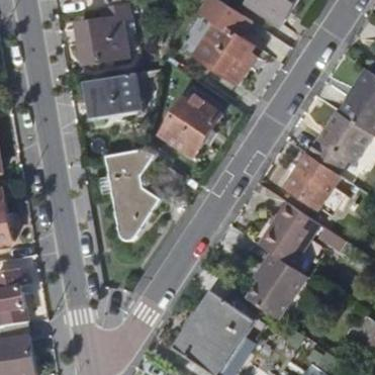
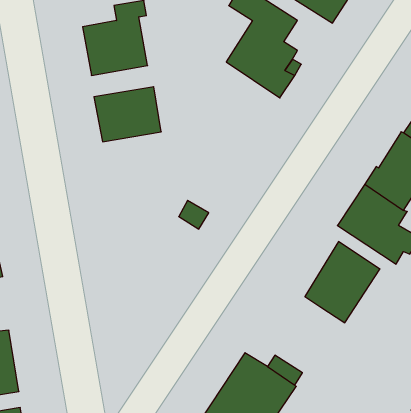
building: [161,98,221,158] -> none
building: [99,151,159,242] -> none
building: [247,253,305,319] -> none

